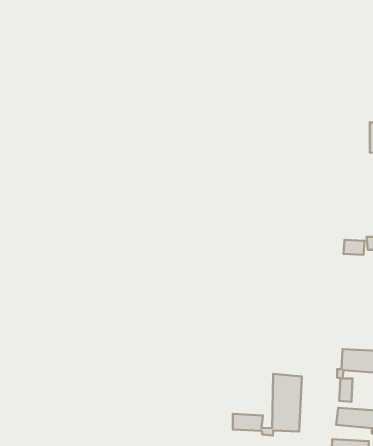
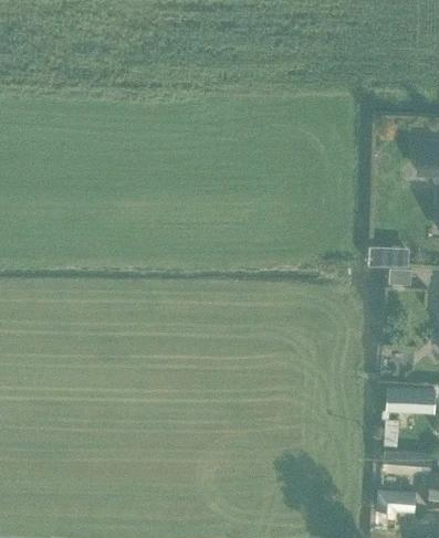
building: [233,374,302,436] -> none

